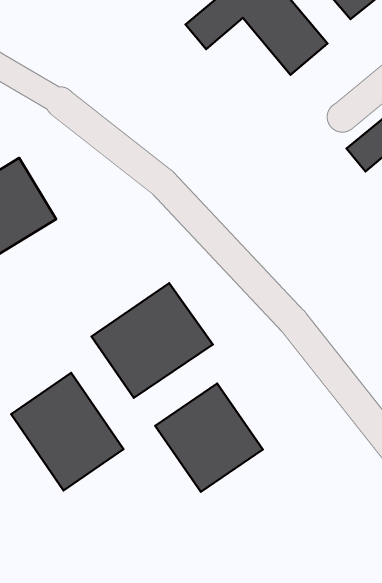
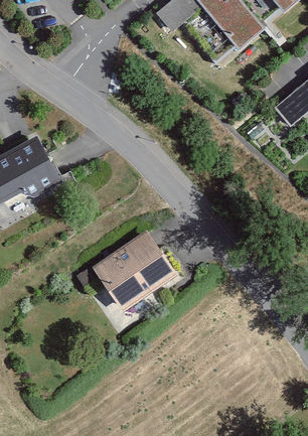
building: [11,373,123,491] -> none
building: [155,383,263,492] -> none

